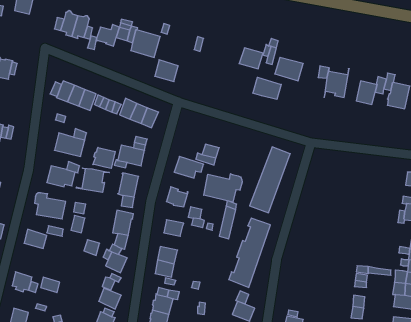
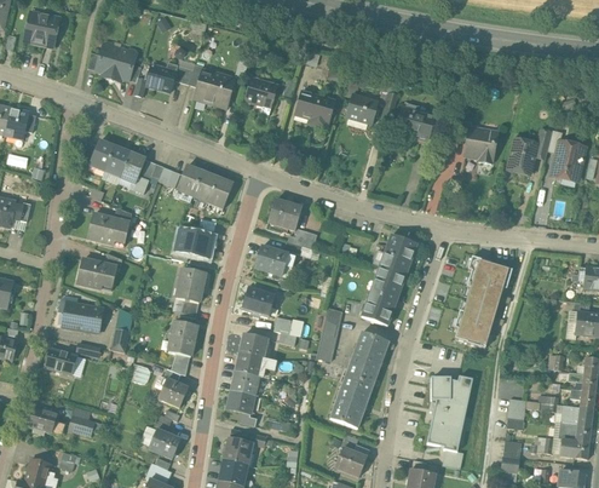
building: none -> [294,91,335,128]
building: [155,60,178,82] -> [244,77,277,108]
building: [253,77,281,99] -> none
building: none -> [269,200,301,230]
building: [93,147,115,168] -> none
building: none -> [455,257,512,348]
building: [76,168,109,192] -> none
building: [204,174,242,202] -> none
building: none -> [235,352,276,377]
building: none -> [426,375,472,452]

